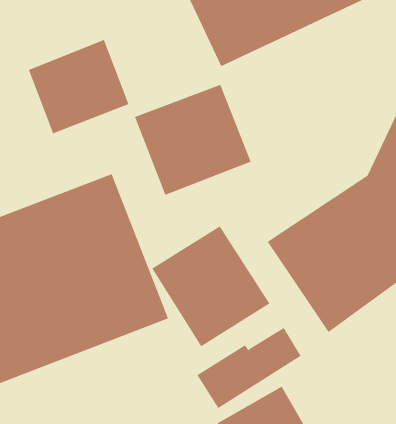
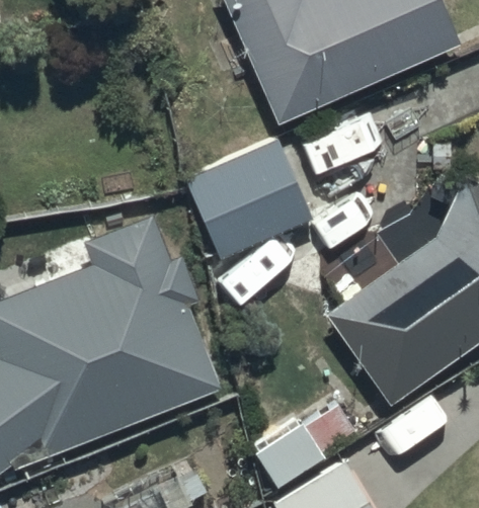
building: [28,39,129,134] -> none
building: [151,226,270,347] -> none

